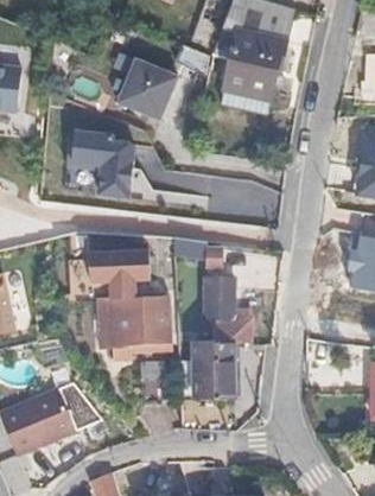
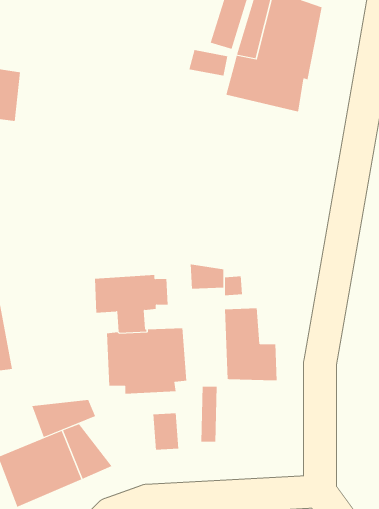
building: [115,57,174,119] -> none
building: [66,135,133,199] -> none
building: [205,341,248,401] -> none
building: none -> [31,399,96,438]

